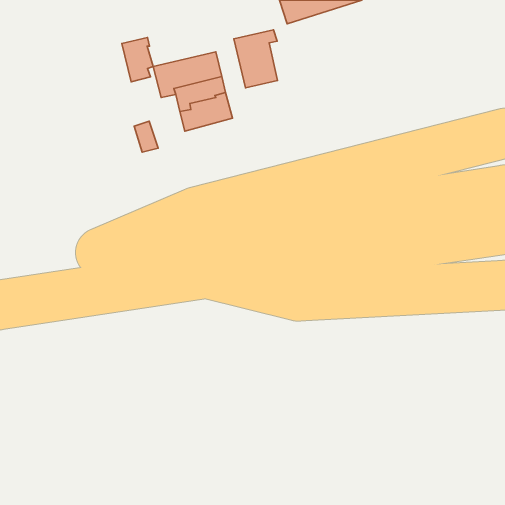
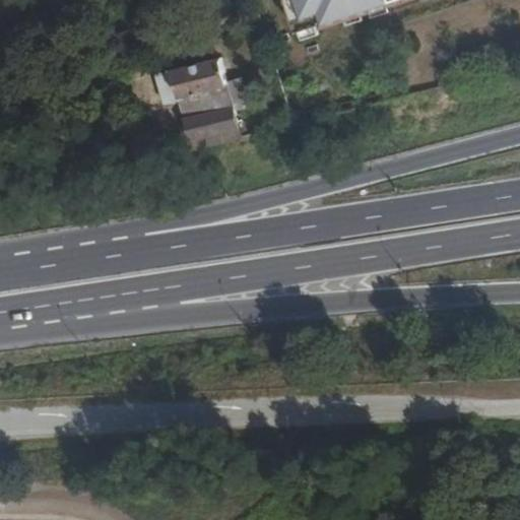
building: [234,30,277,88] -> none
building: [122,37,153,82] -> none

